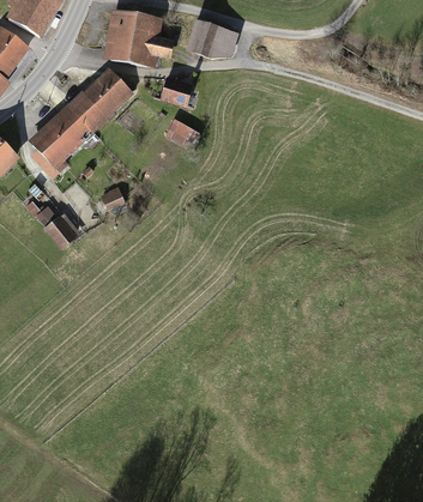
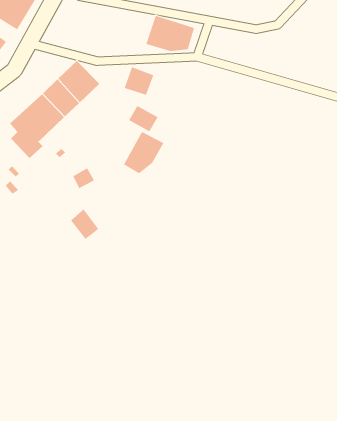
building: [103,7,173,66] -> none
building: none -> [123,131,164,174]
building: [44,217,77,252] -> [70,209,99,240]

